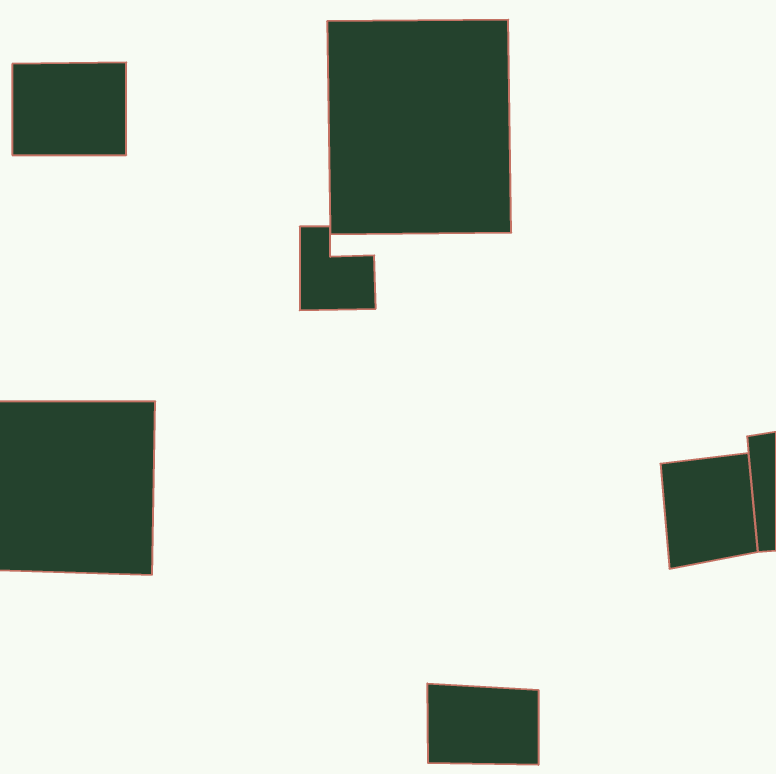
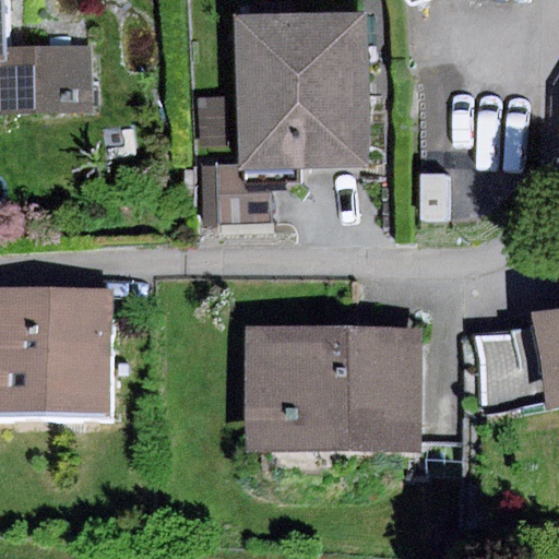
building: none -> [248,329,419,449]
building: [427,683,538,765] -> none

